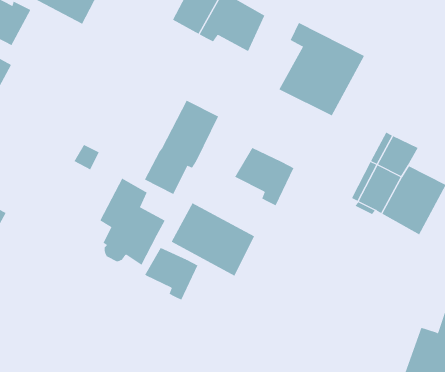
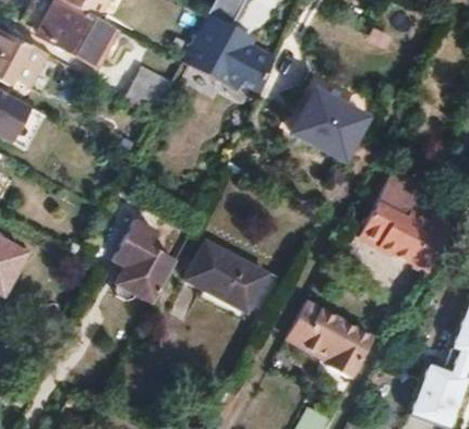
building: none -> [128,68,172,112]
building: [144,100,219,195] -> none
building: [234,147,294,206] -> none
building: [144,247,198,301] -> none
building: none -> [290,301,382,378]

